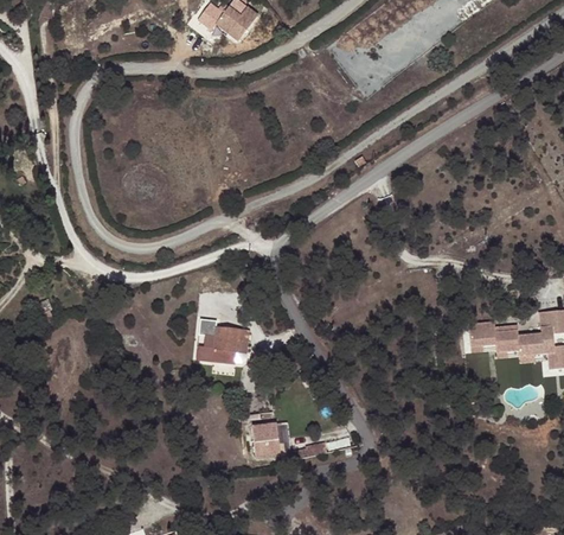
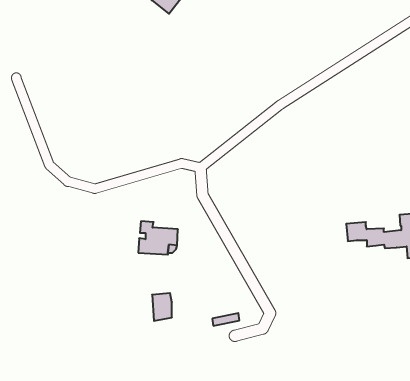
building: [251,423,277,460] -> [152,293,172,321]

